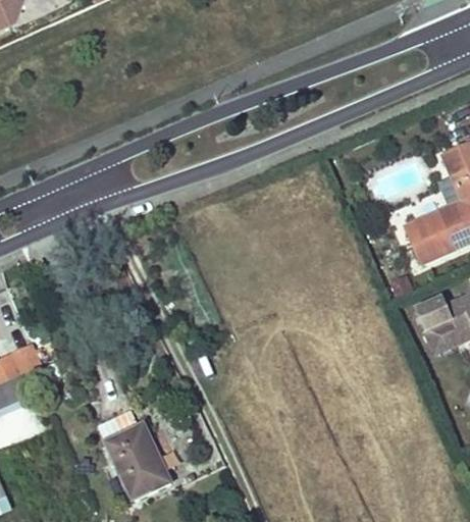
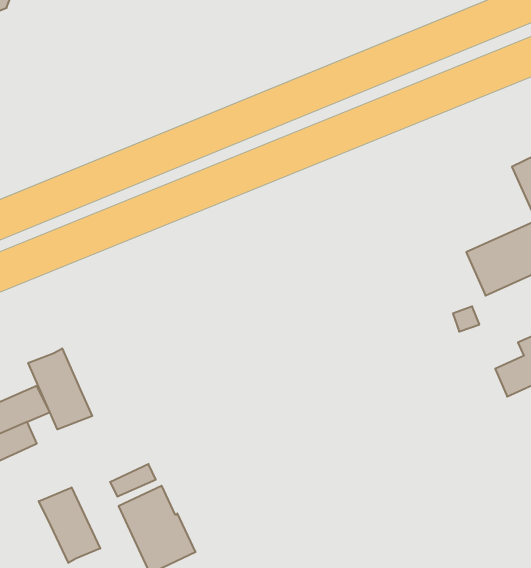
building: none -> [28,348,92,429]
building: none -> [39,487,100,563]

